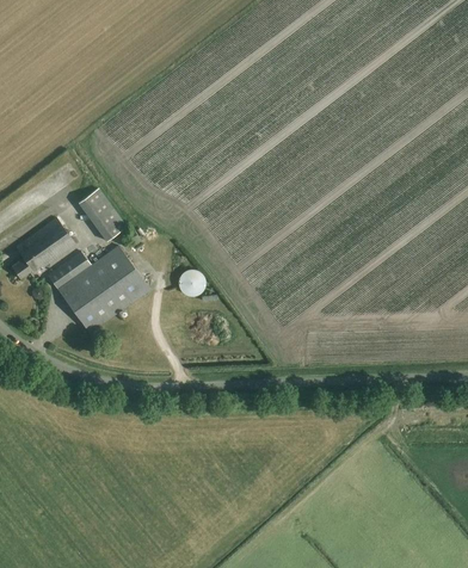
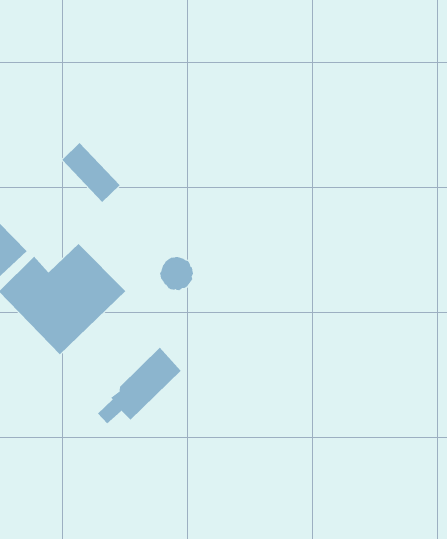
building: [80,190,124,241] -> [61,142,121,203]
building: none -> [97,347,181,424]

